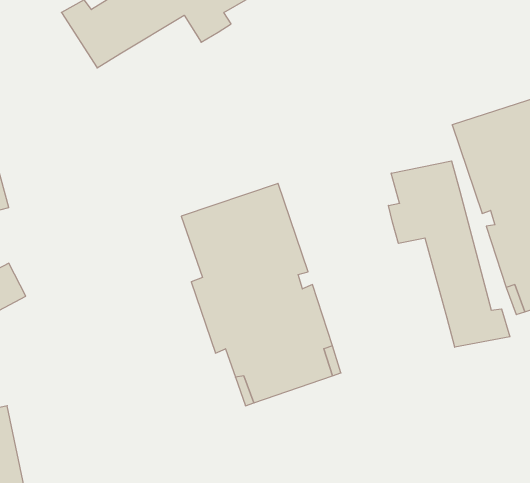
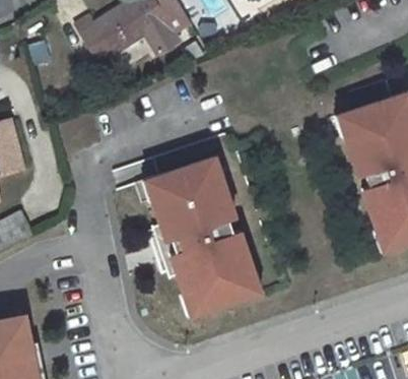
building: [388,161,510,347] -> none

